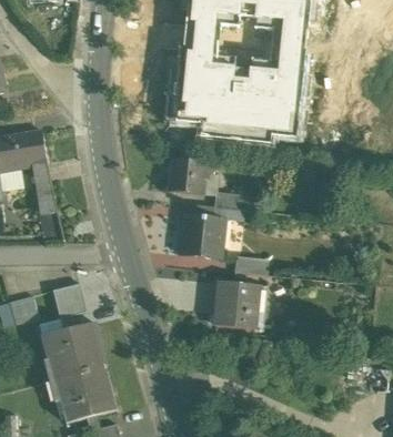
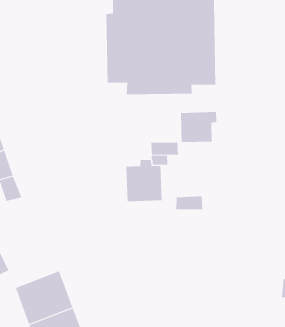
building: [168,159,212,195] -> [180,111,217,143]
building: [53,282,88,317] -> none
building: [215,282,266,331] -> none

